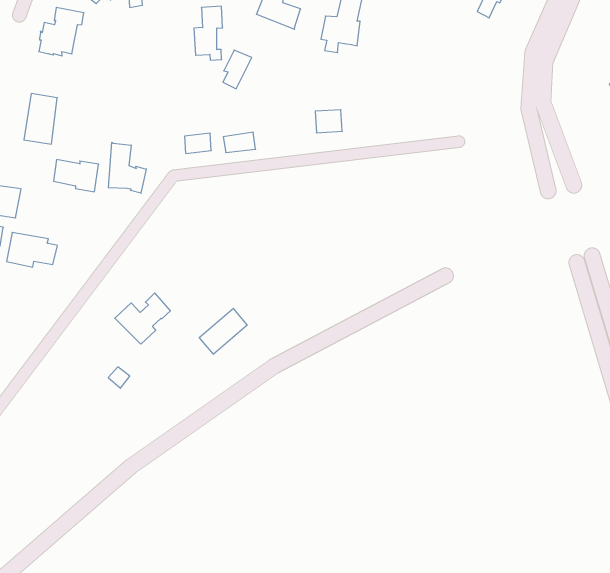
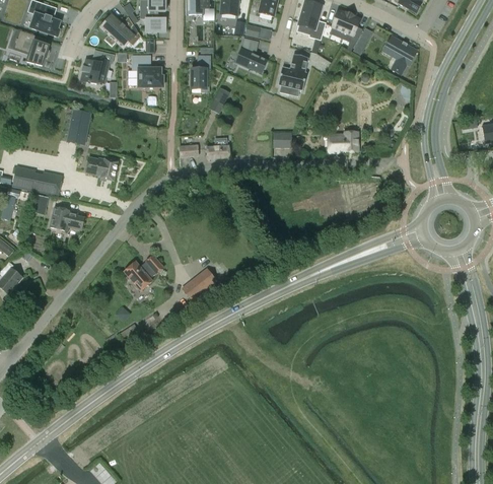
building: none -> [132,56,162,86]
building: none -> [328,132,358,152]
building: [108,142,146,193] -> none

